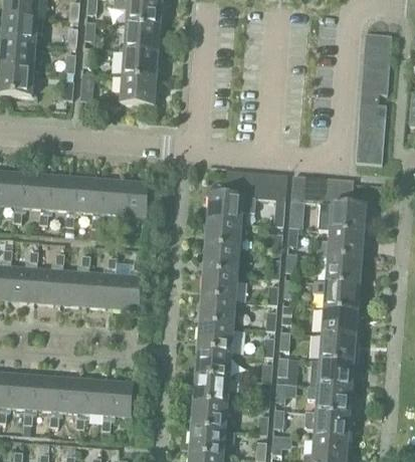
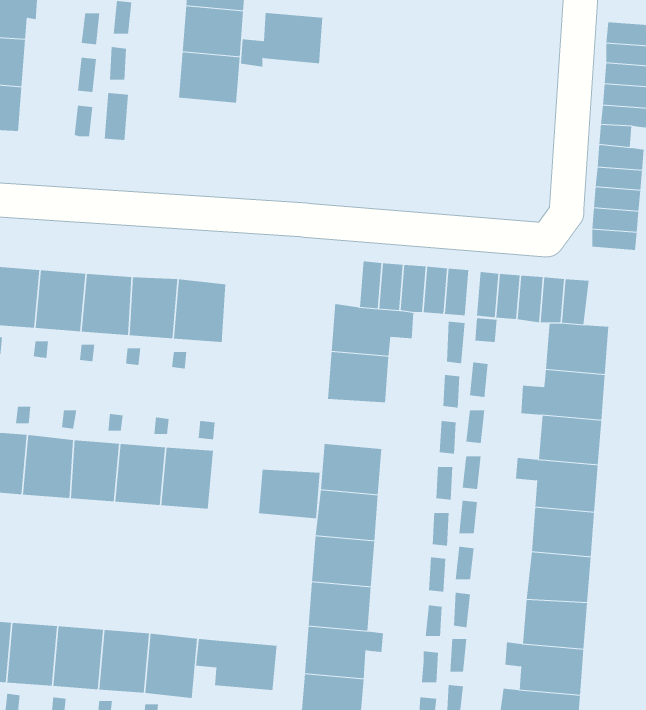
building: [108,76,155,107] -> [240,12,323,67]
building: [204,247,239,275] -> [258,469,320,519]
building: none -> [195,638,277,691]

